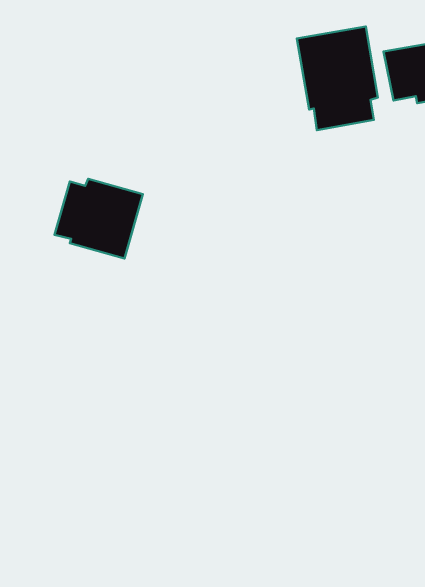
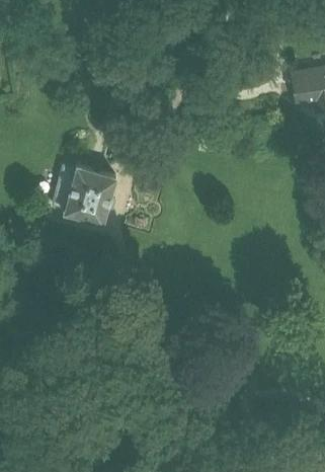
building: [297,27,378,130] -> none

